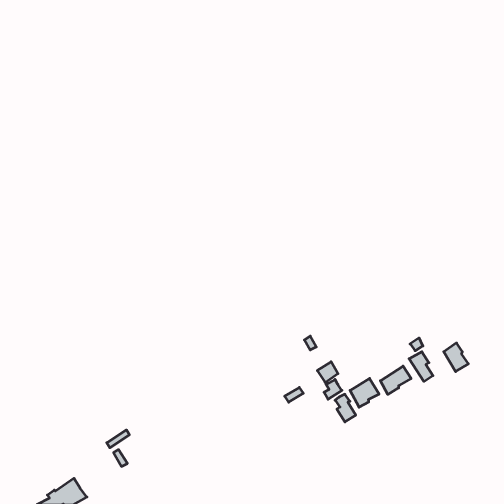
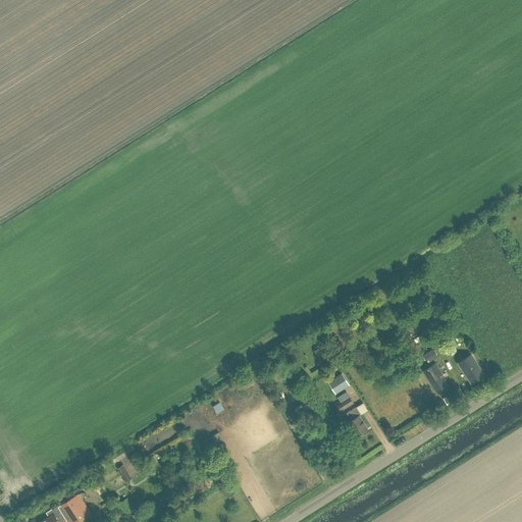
building: [380,366,411,394] -> none
building: [350,378,379,407] -> none

